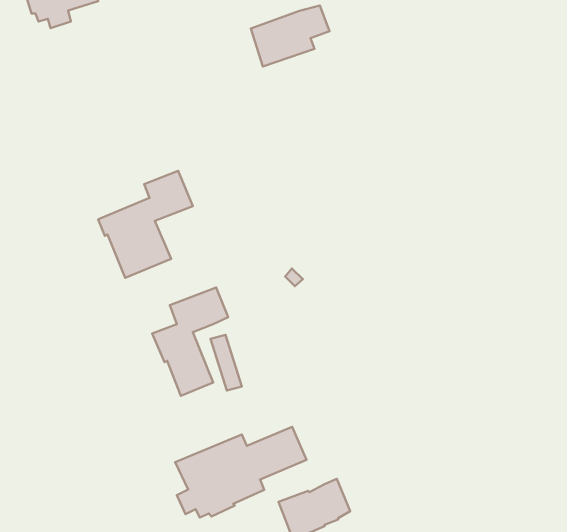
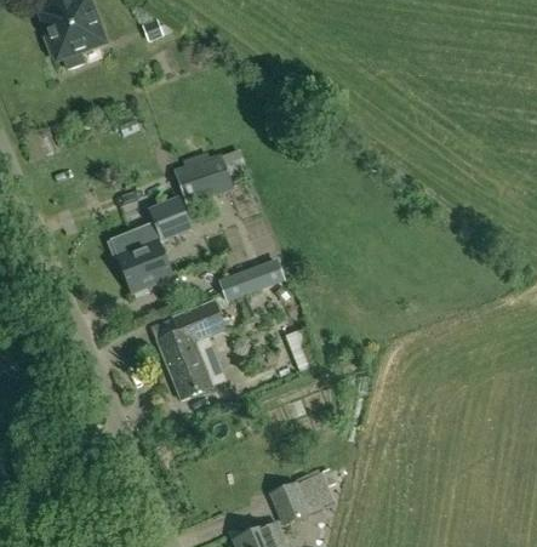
building: [251,6,329,67] -> [176,149,246,204]
building: none -> [219,260,282,302]
building: [175,427,307,518] -> none

